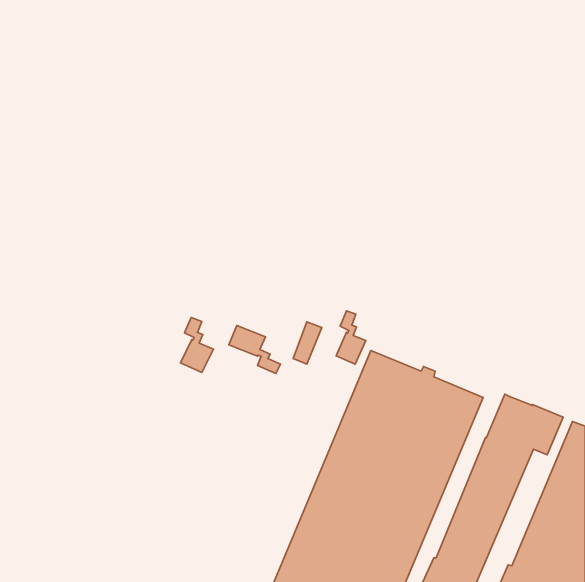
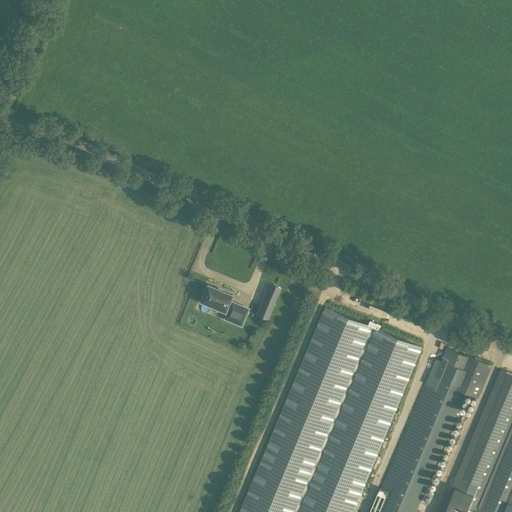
building: [336,311,366,364] -> none
building: [180,317,213,373] -> none

